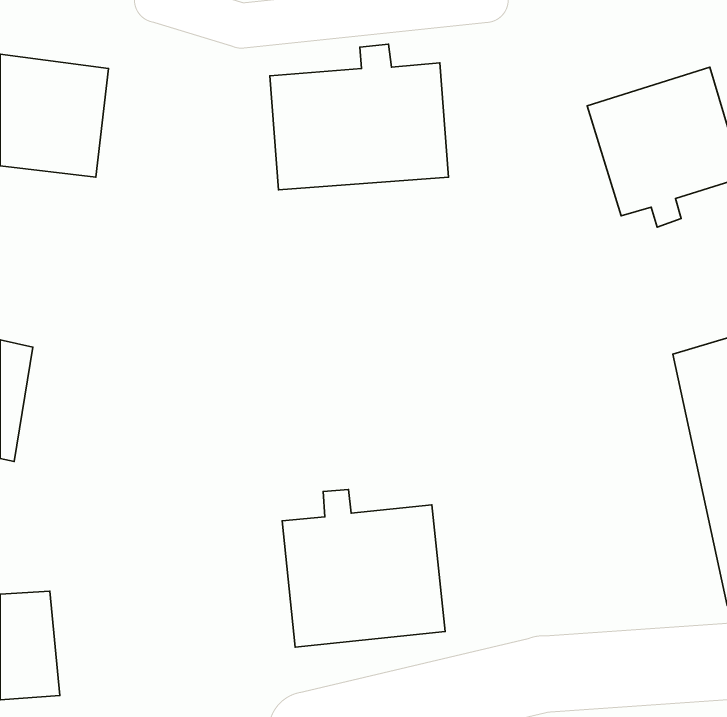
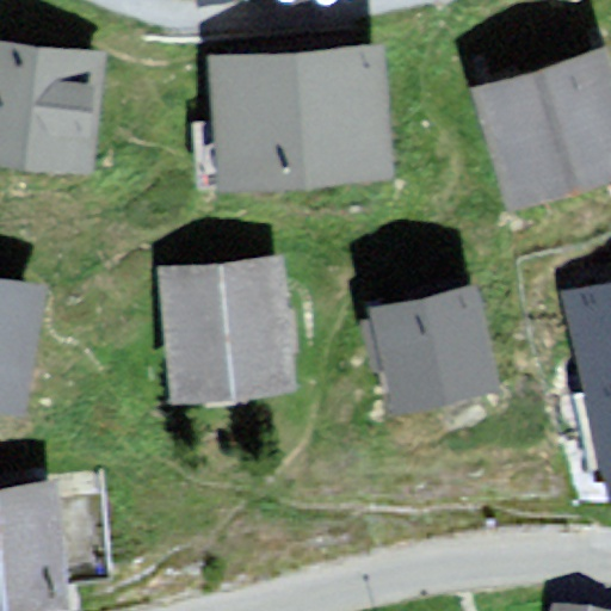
building: none -> [172,271,295,412]
building: none -> [387,285,487,394]
building: [282,489,445,647] -> none

